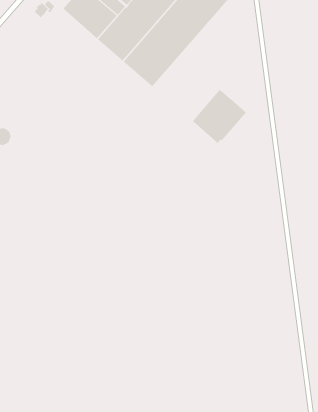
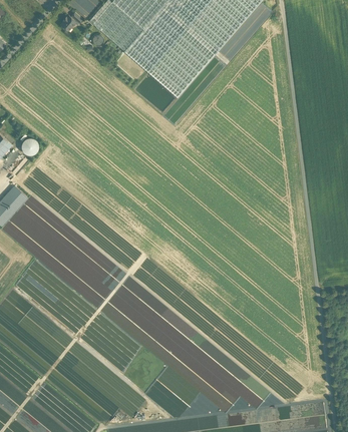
building: [192,89,247,144] -> none

